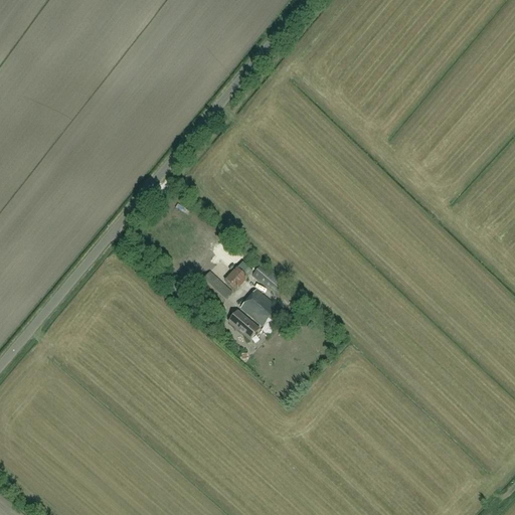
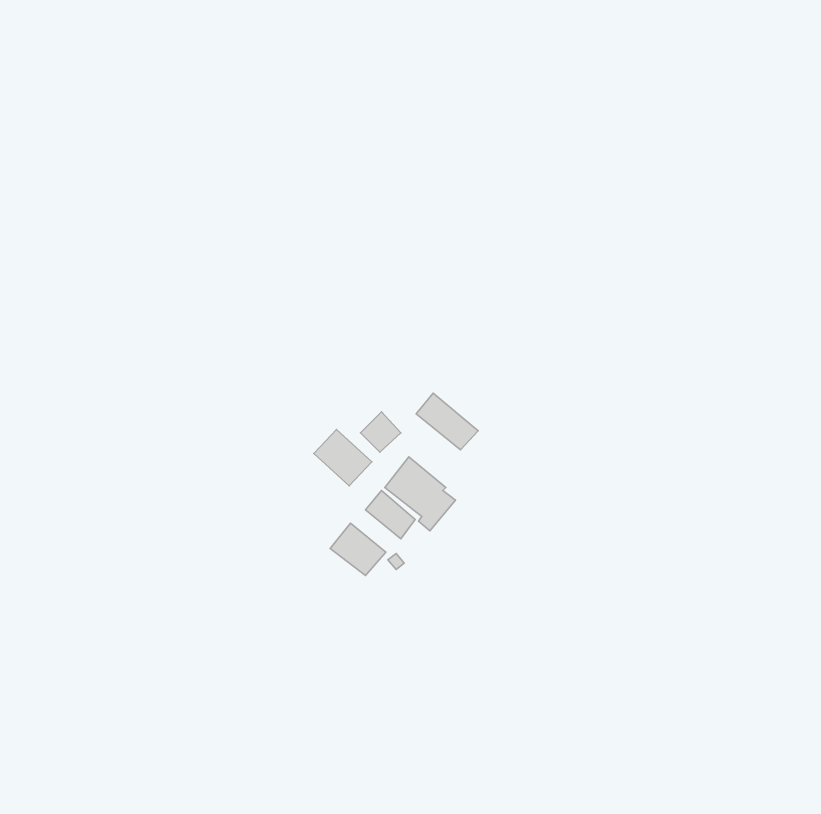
building: none -> [416,393,478,450]
building: none -> [330,523,386,575]

